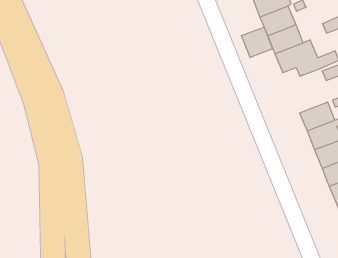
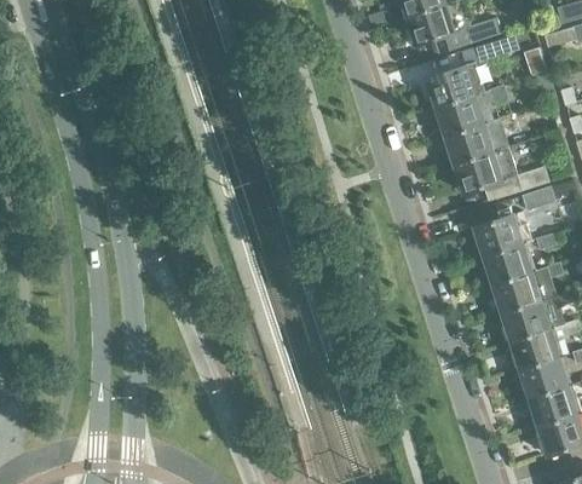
building: [241,27,272,58] -> none
building: none -> [474,213,530,257]

